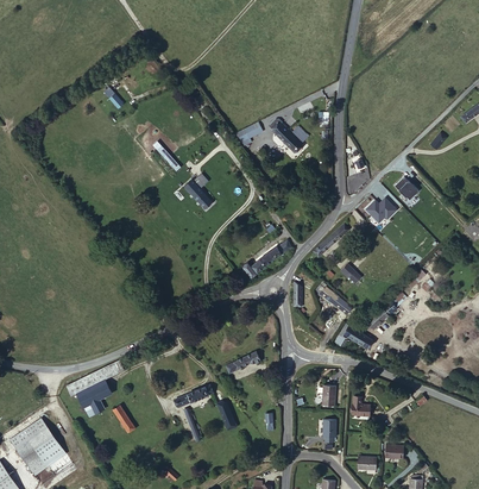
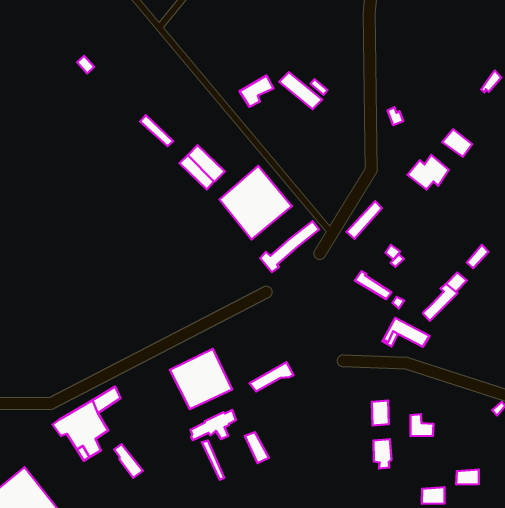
building: none -> [219,166,292,239]
building: none -> [170,349,232,409]

